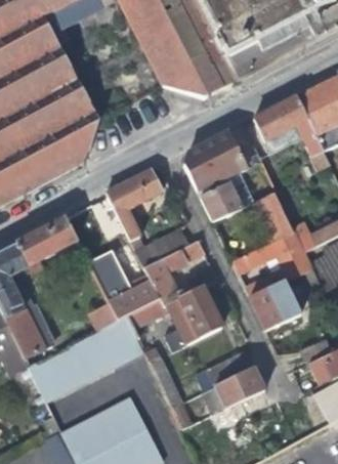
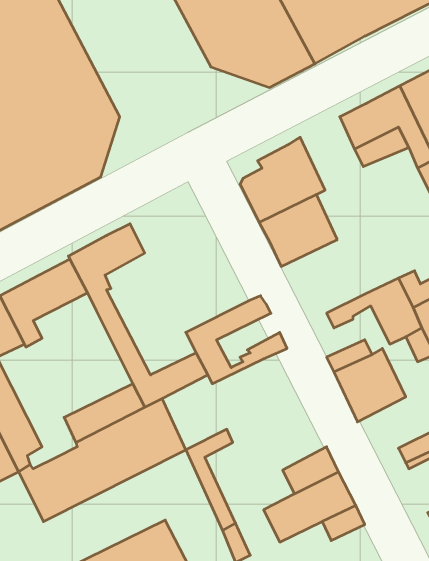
building: [107,169,191,267] -> none
building: [251,189,294,241] -> none
building: [129,286,218,341] -> none

